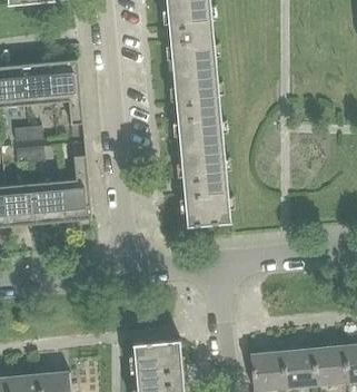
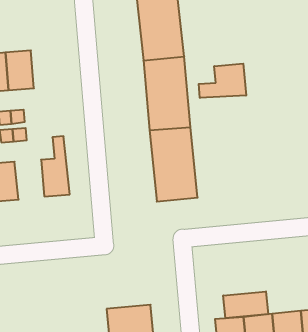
building: [49,59,82,124] -> none
building: none -> [199,64,246,98]
building: [31,180,63,224] -> none
building: none -> [223,291,268,318]

